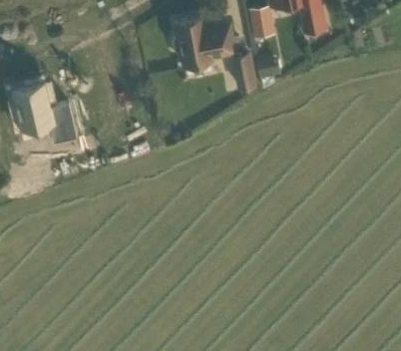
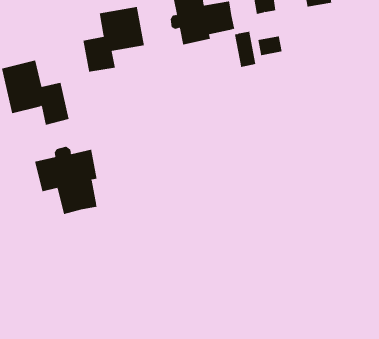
building: none -> [83,6,145,72]
building: none -> [35,146,98,215]

